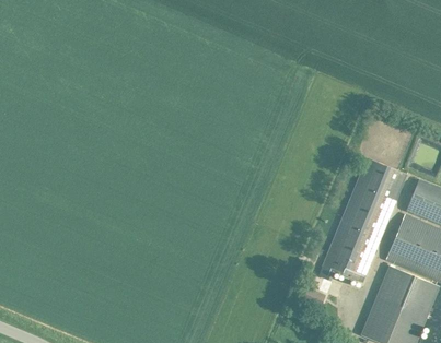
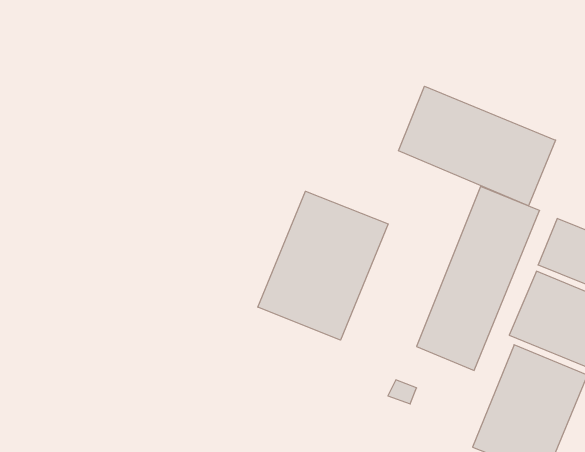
building: none -> [398,86,556,206]
building: none -> [258,191,388,340]

